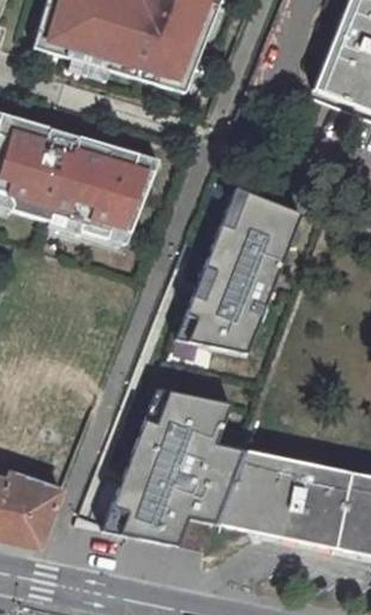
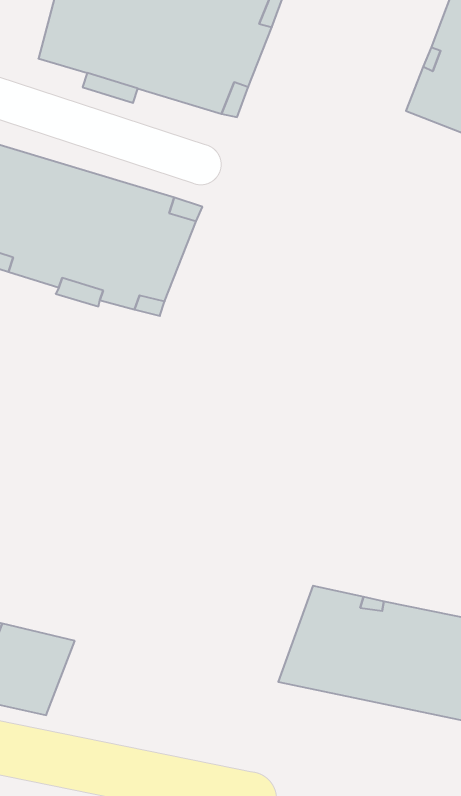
building: [178,184,300,350] -> none
building: [103,384,243,543] -> none

